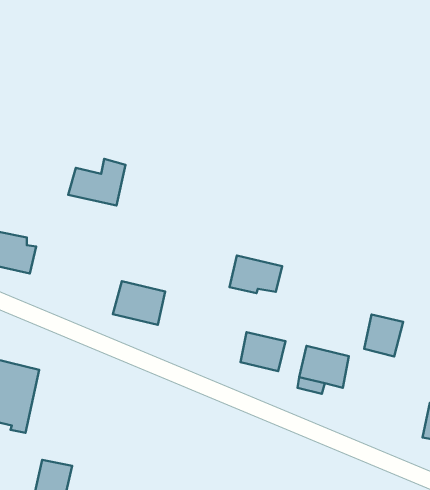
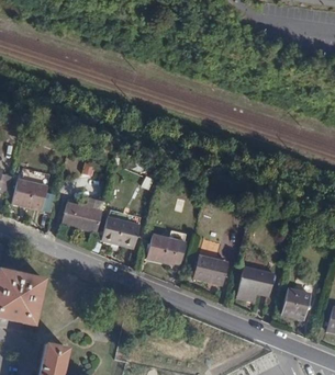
building: [68,159,125,205] -> [60,196,102,230]
building: [229,256,282,293] -> [145,234,183,261]
building: [364,314,403,356] -> [280,287,309,318]

